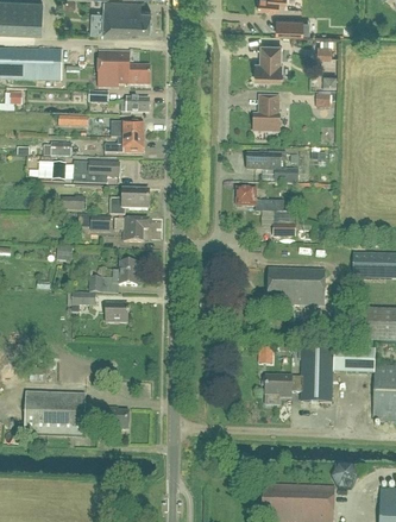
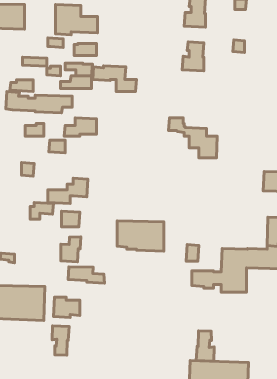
building: [246,151,300,182] -> [93,66,137,91]
building: [114,218,147,240] -> none
building: [268,268,325,304] -> [117,221,164,251]
building: none -> [61,237,81,262]
building: none -> [68,267,105,283]
building: none -> [52,326,69,355]
building: none -> [196,331,214,361]

